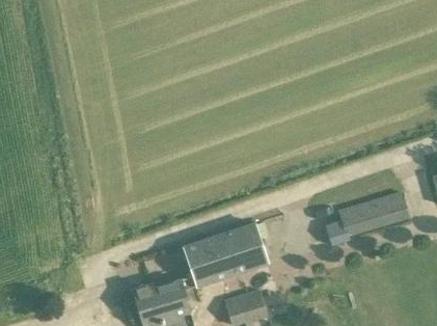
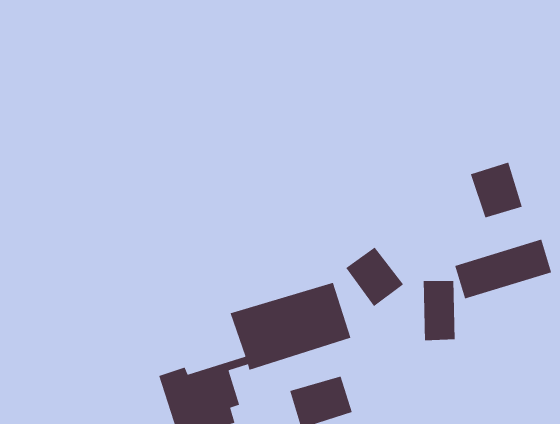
building: none -> [470,162,523,219]
building: none -> [345,246,404,307]

